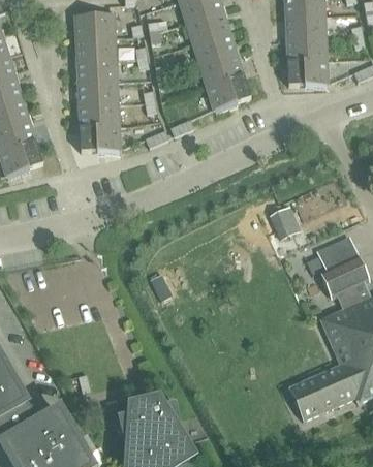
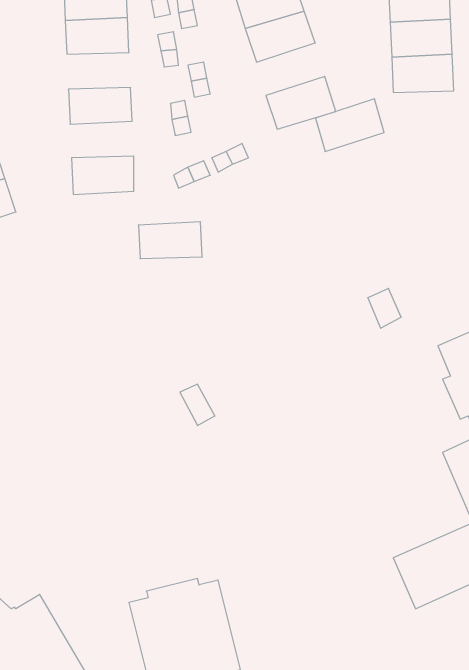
building: [199,53,244,87] -> [316,99,384,152]
building: [76,59,118,83] -> none
building: [79,103,120,127] -> [138,222,202,259]

